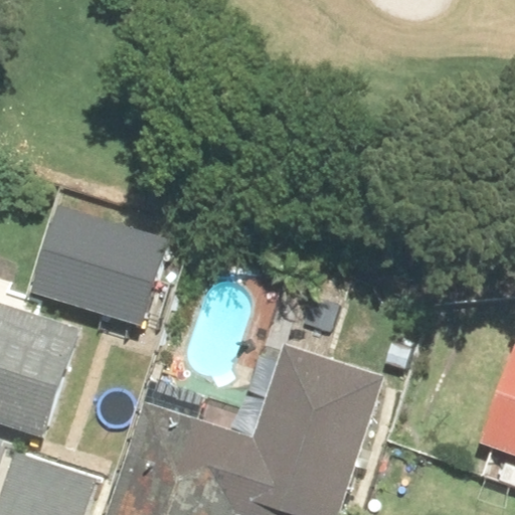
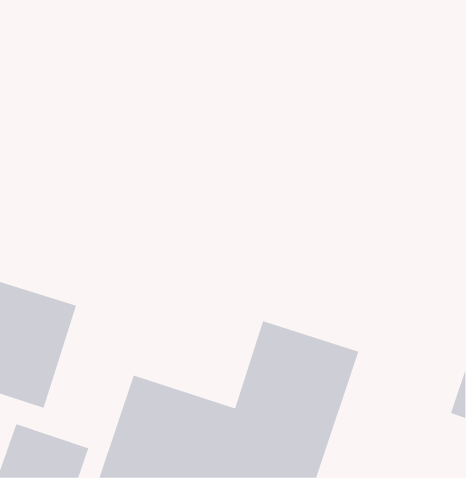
building: [24,203,164,326] -> none

